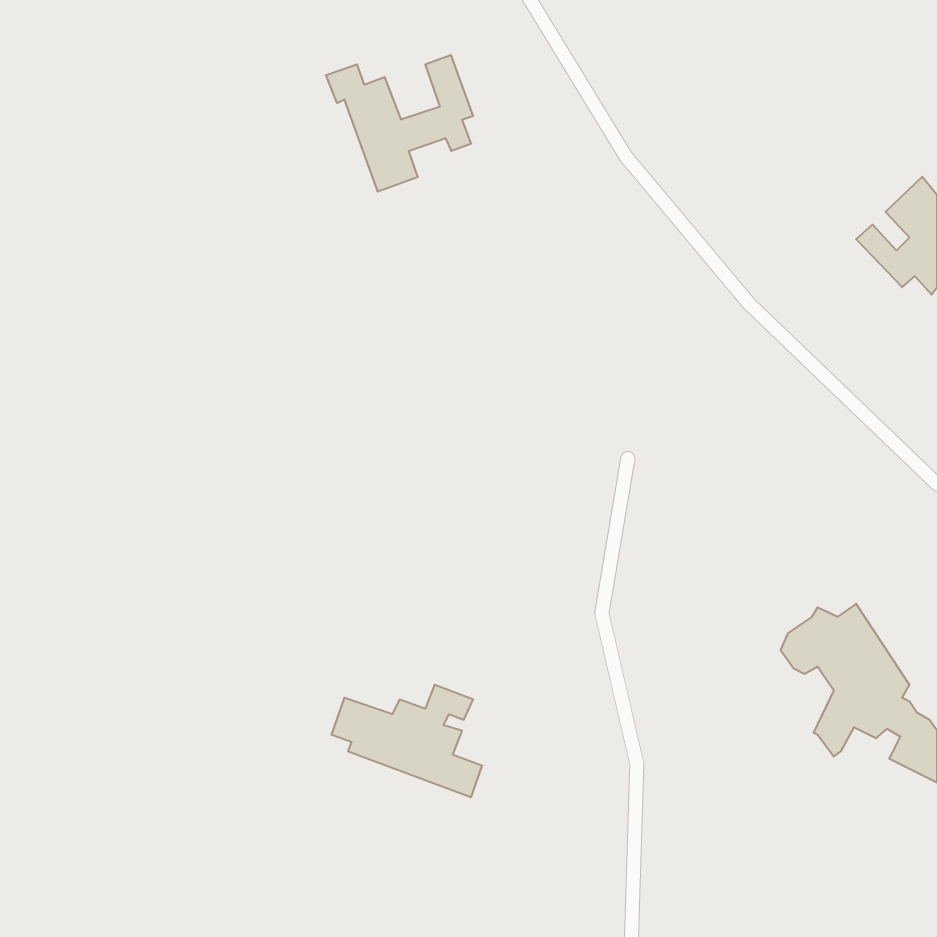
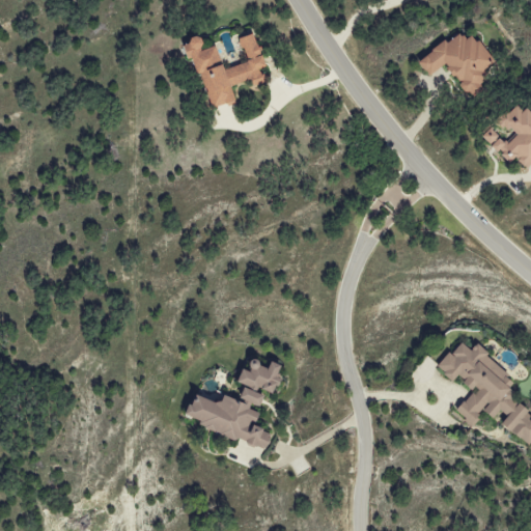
building: none -> [418,31,493,93]
building: none -> [240,359,283,394]

